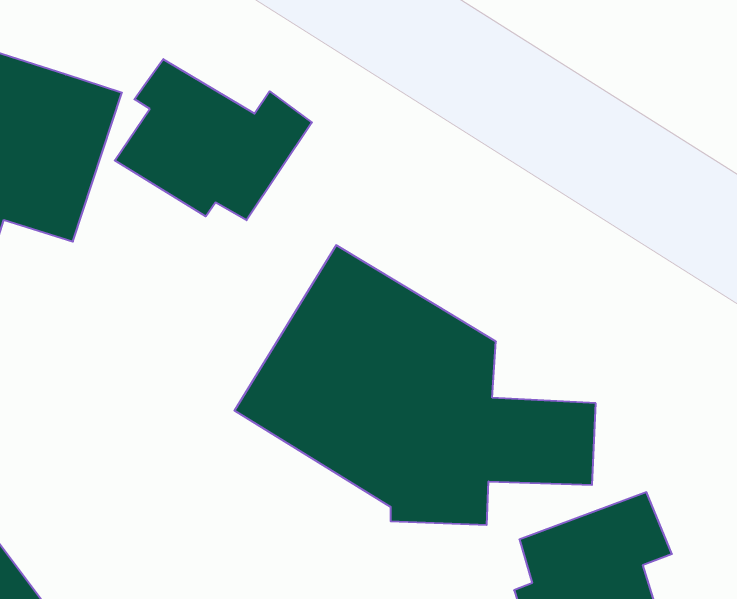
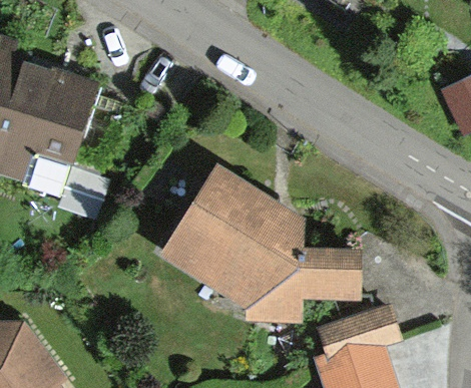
building: [115,59,312,220] -> none

